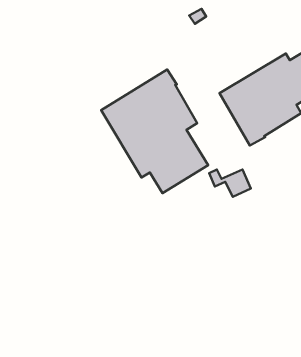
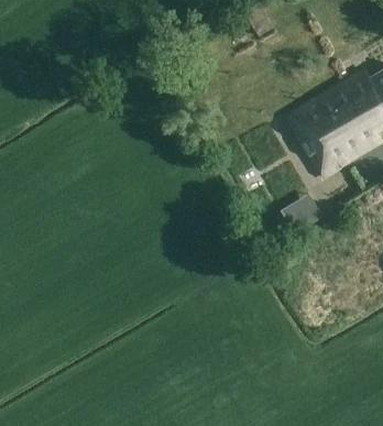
building: [101,70,208,193] -> none

